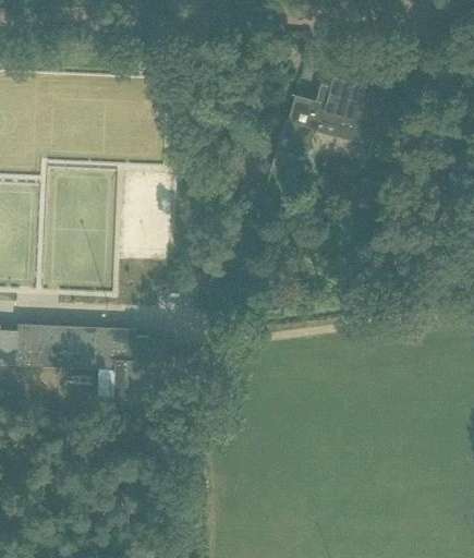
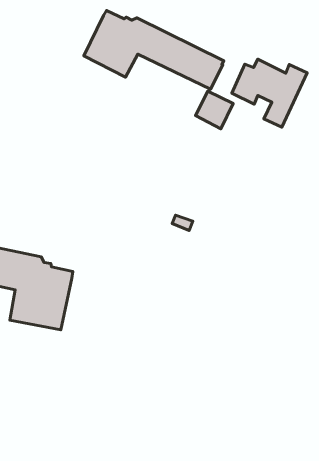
building: none -> [84,10,224,89]

